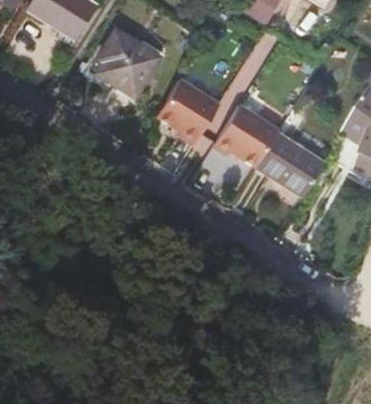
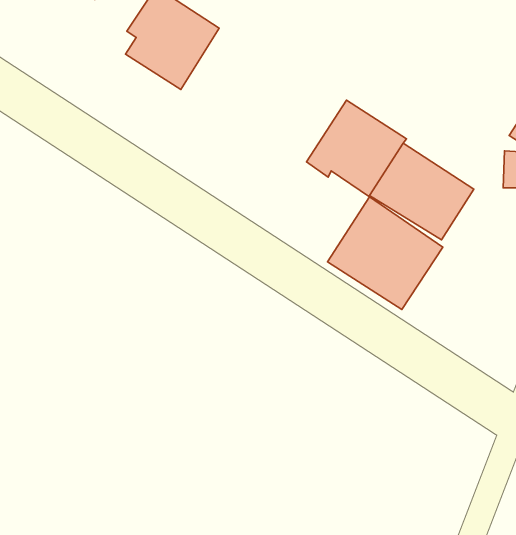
building: [157,77,220,144] -> none
building: none -> [327,197,443,310]

